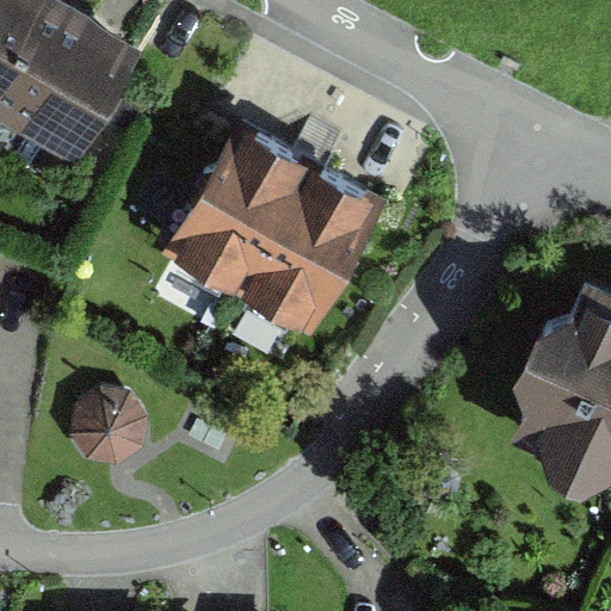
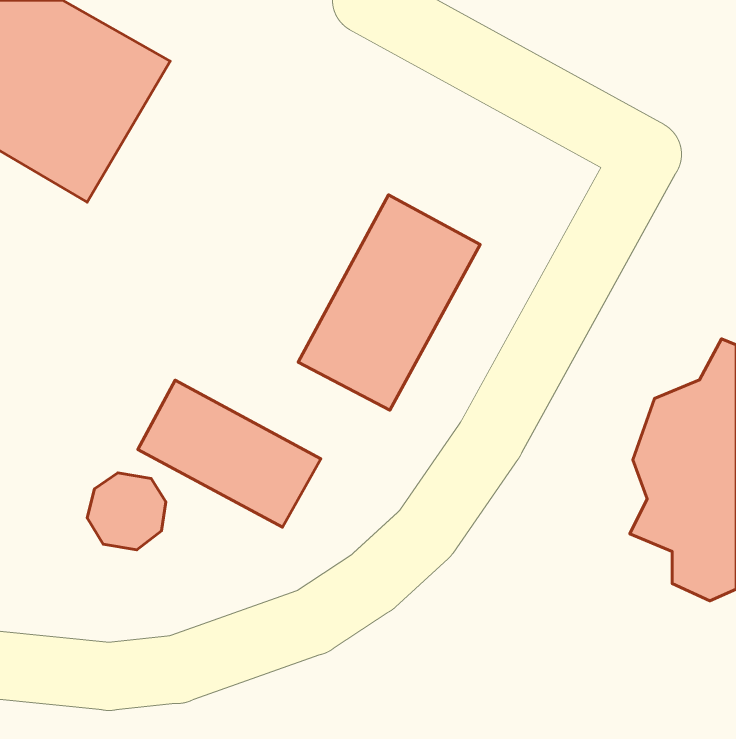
building: [169,124,319,301] -> none
building: none -> [138,380,321,527]

